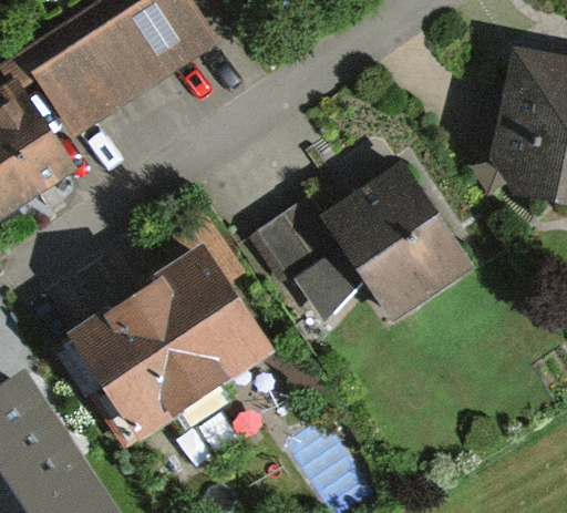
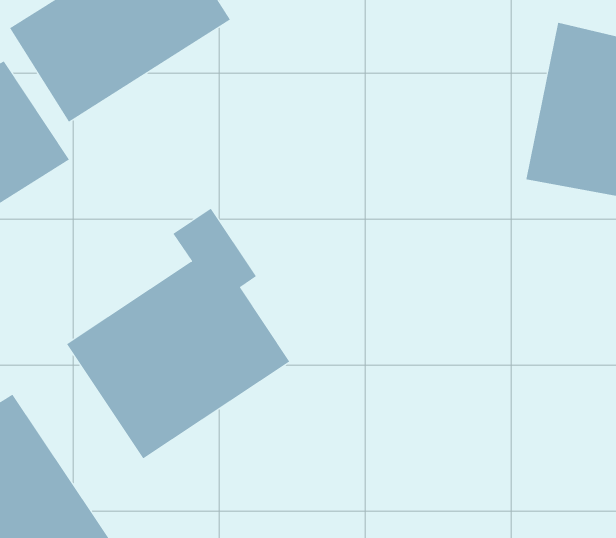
building: [252,163,475,325] -> none

